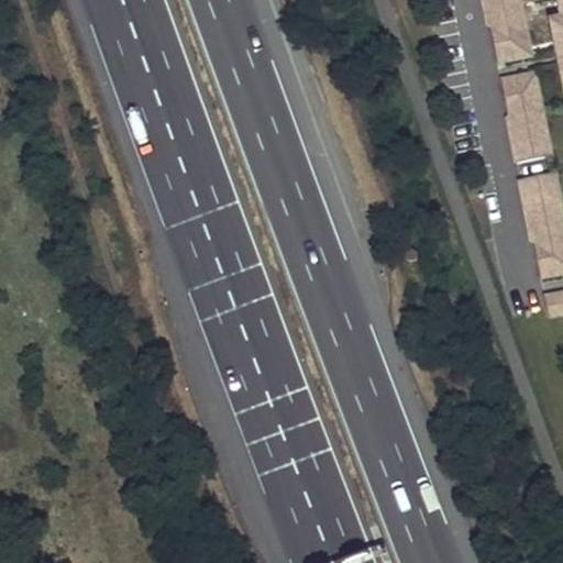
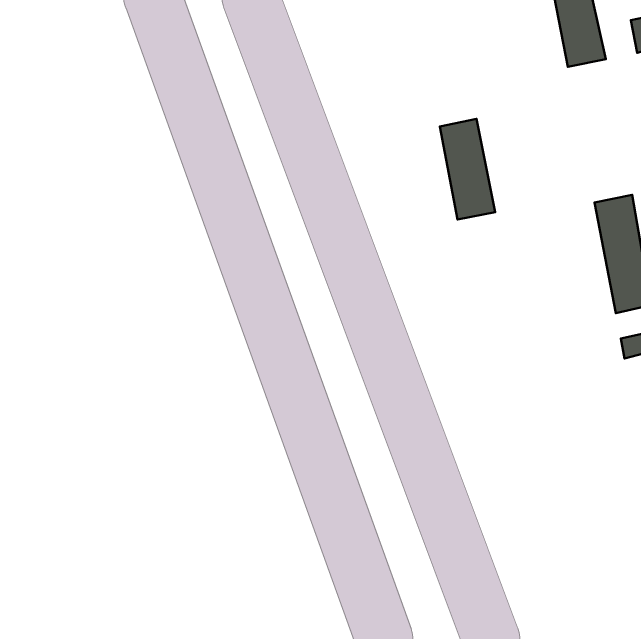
building: [503,73,551,161] -> [440,119,495,220]

